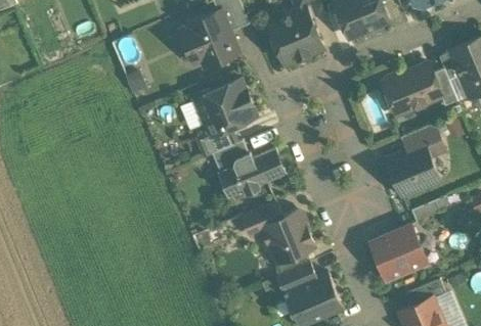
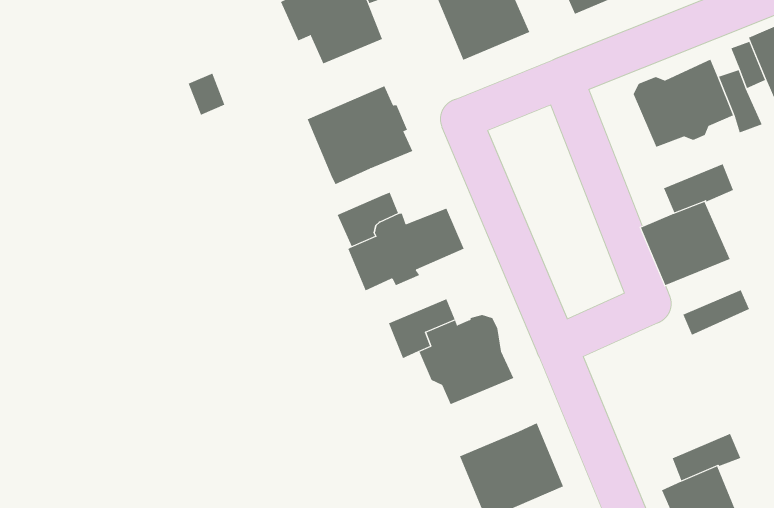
building: [195,127,237,156] -> none
building: [369,225,427,279] -> none
building: [276,263,316,292] -> none

